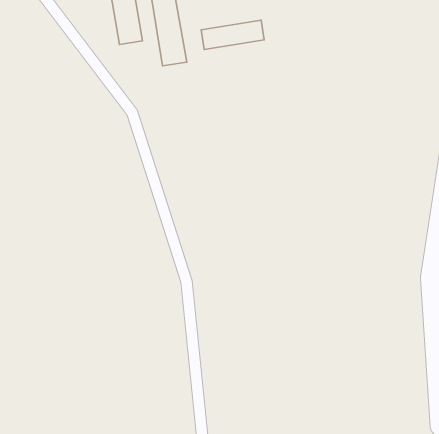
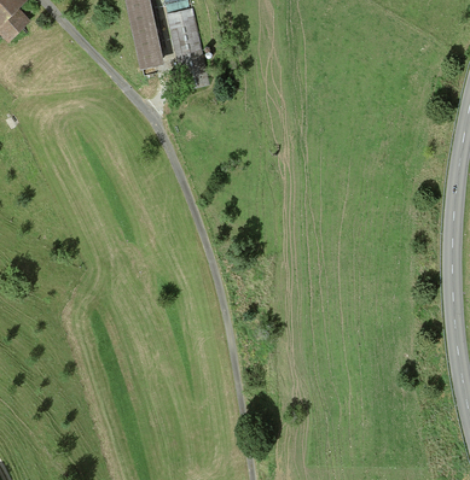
building: [201,20,264,50] -> none

